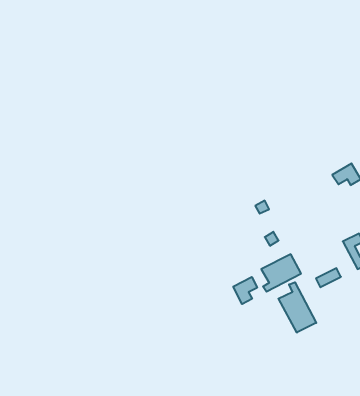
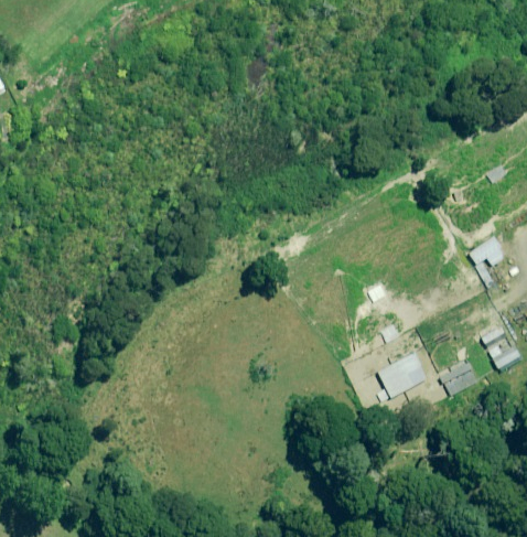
building: [233,277,257,304] -> none
building: [278,282,316,333] -> none

